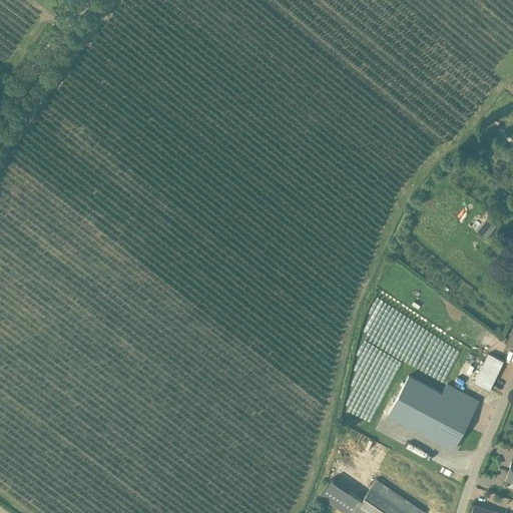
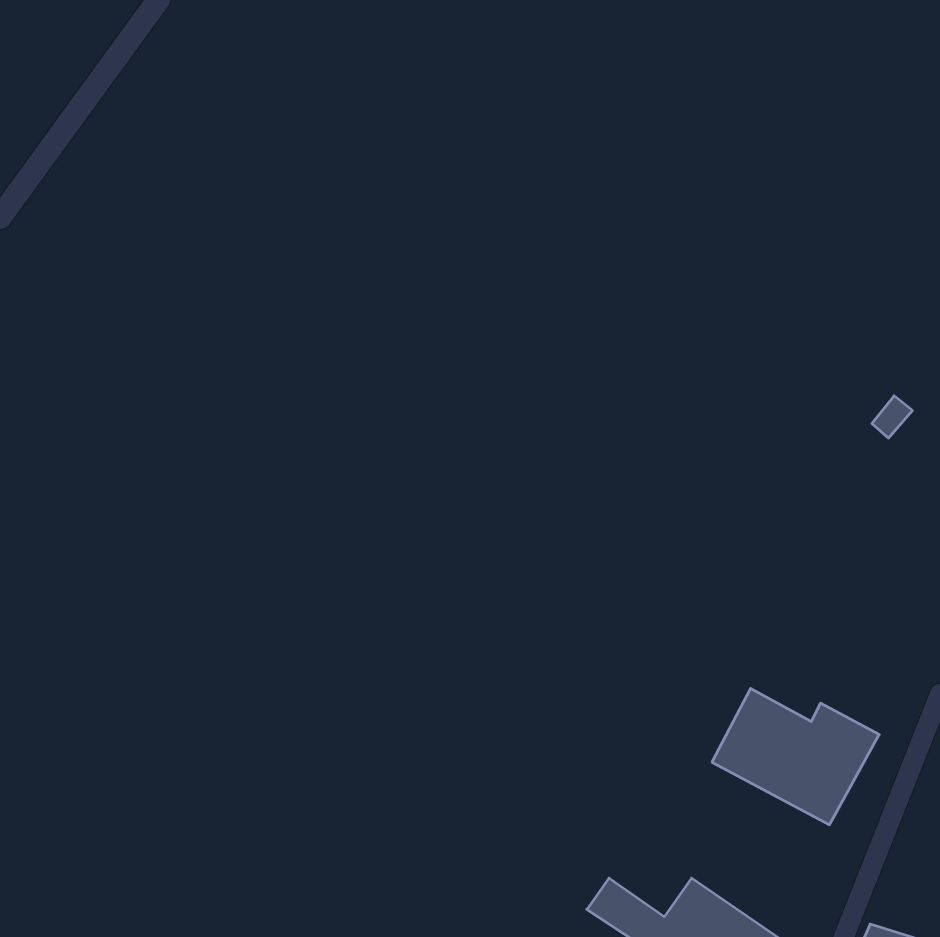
building: [475,356,503,392] -> none

